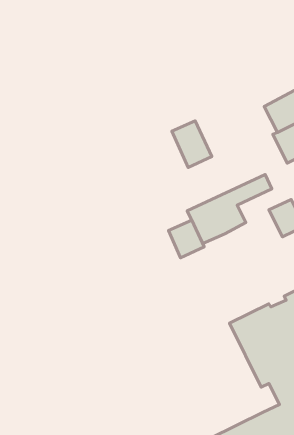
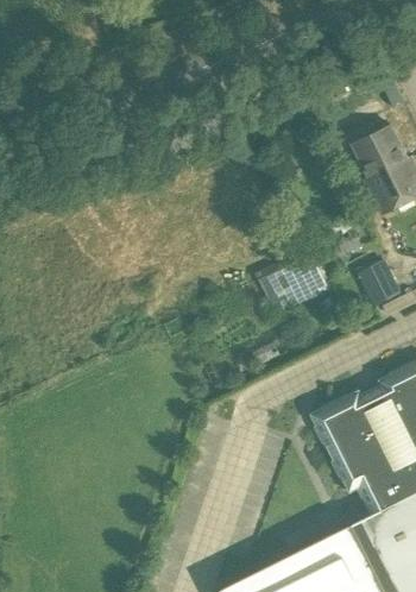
building: [172,121,212,168] -> none
building: [169,220,204,258] -> none

